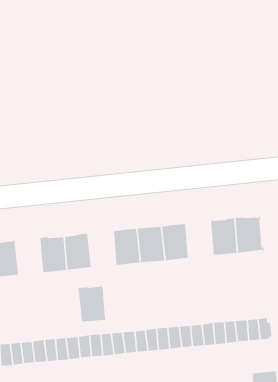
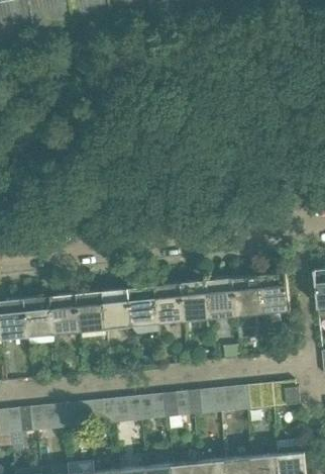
building: none -> [206,278,235,318]
building: none -> [23,296,52,337]
building: [78,285,106,322] -> [101,289,131,328]

